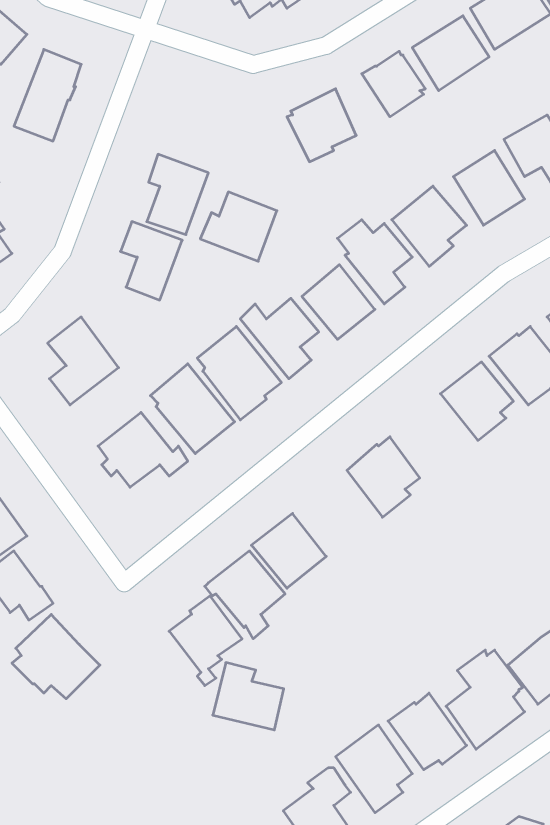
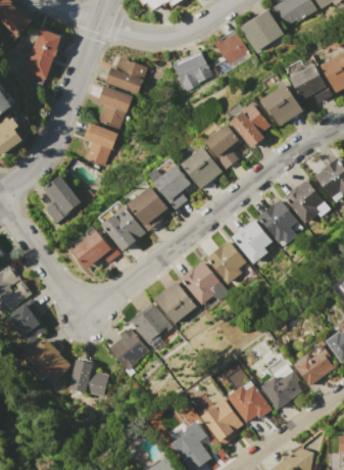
building: [200,192,277,261] -> [105,56,147,94]
building: none -> [231,220,273,264]
building: none -> [180,261,229,304]
building: [213,663,284,730] -> [68,360,107,396]

